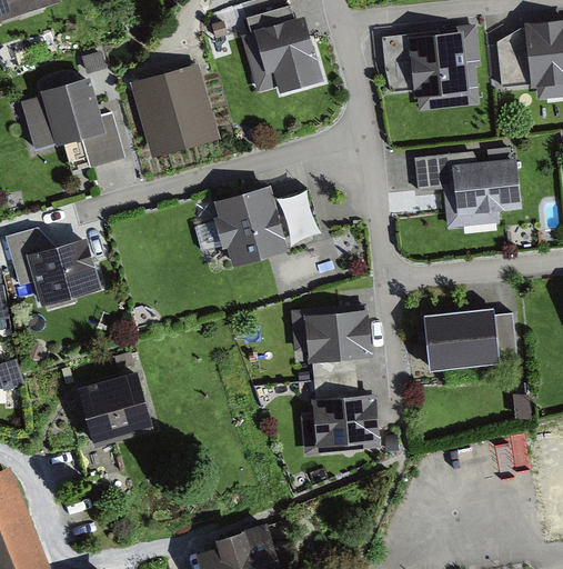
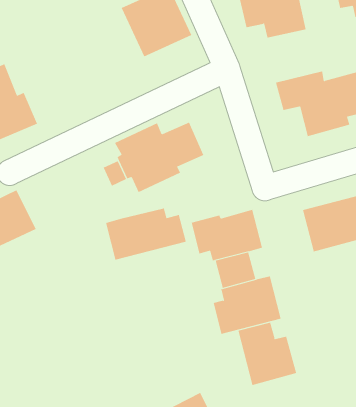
building: [138,68,213,158] -> none
building: none -> [105,207,187,260]
building: [87,375,155,445] -> none
building: none -> [238,322,297,386]

